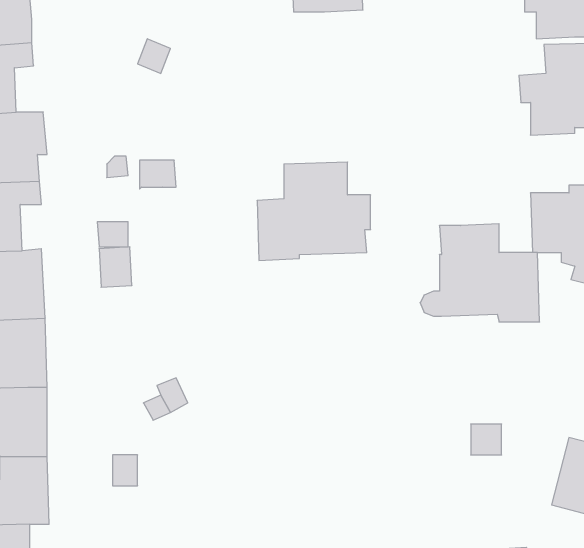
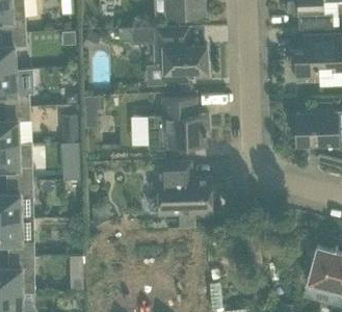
building: none -> [119,26,208,83]
building: [420,224,540,322] -> [148,163,212,216]

